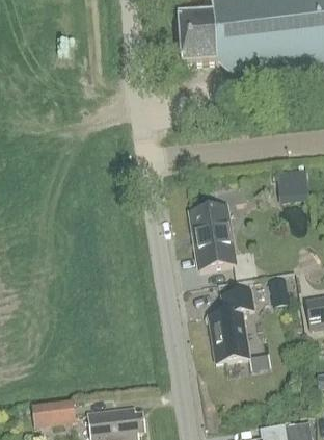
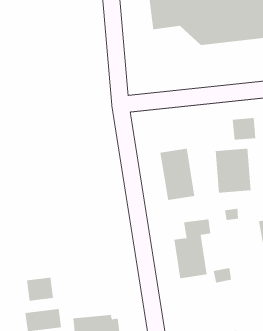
building: none -> [215,148,251,193]
building: none -> [26,277,53,301]

